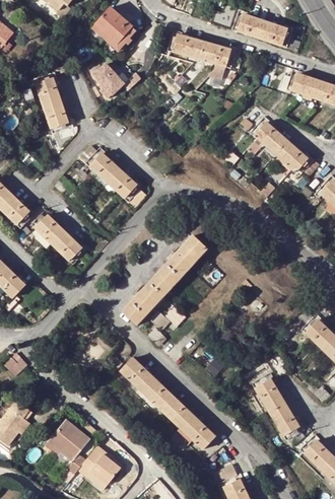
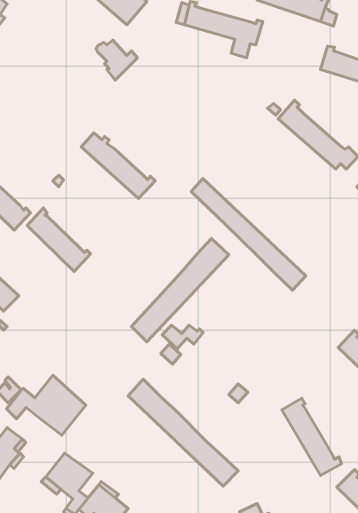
building: [34,71,73,138] -> none
building: none -> [191,178,306,290]
building: none -> [6,375,86,435]

